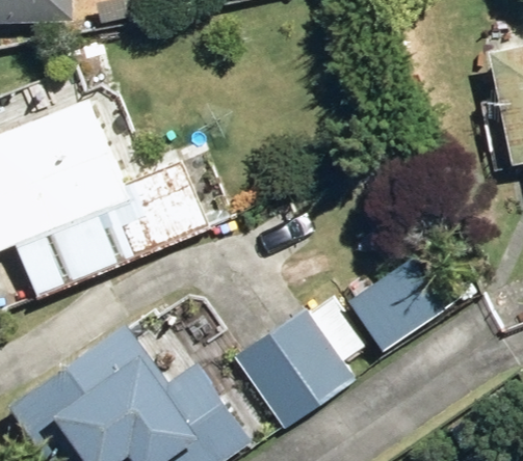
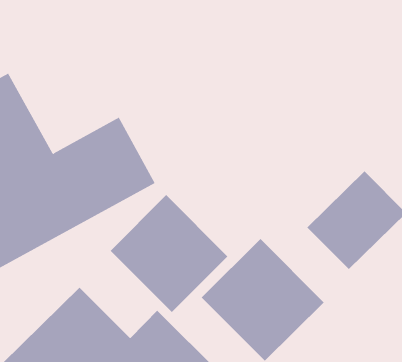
building: none -> [110,194,228,313]

